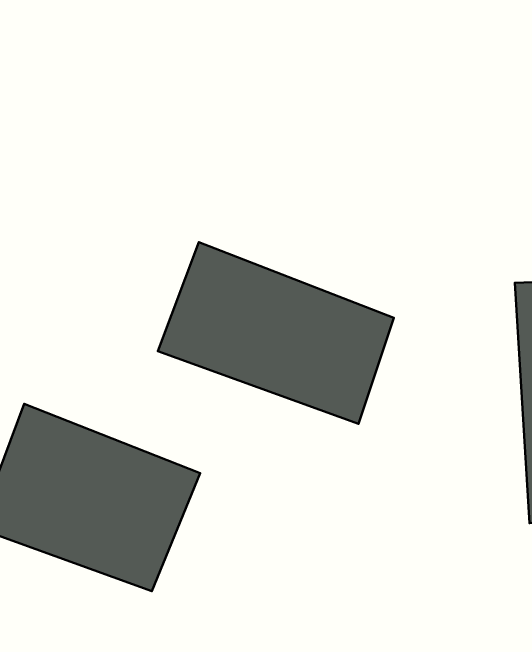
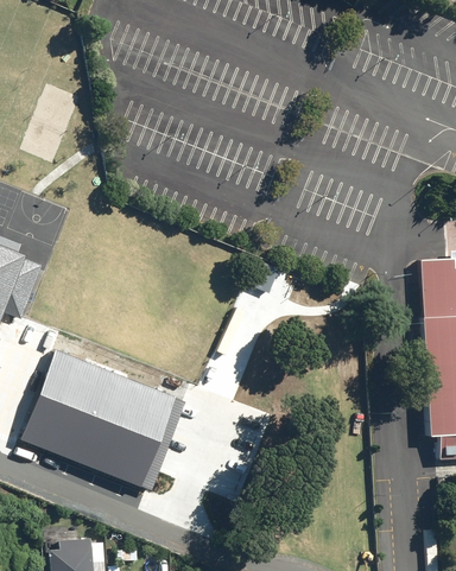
building: [158,242,394,424] -> none

